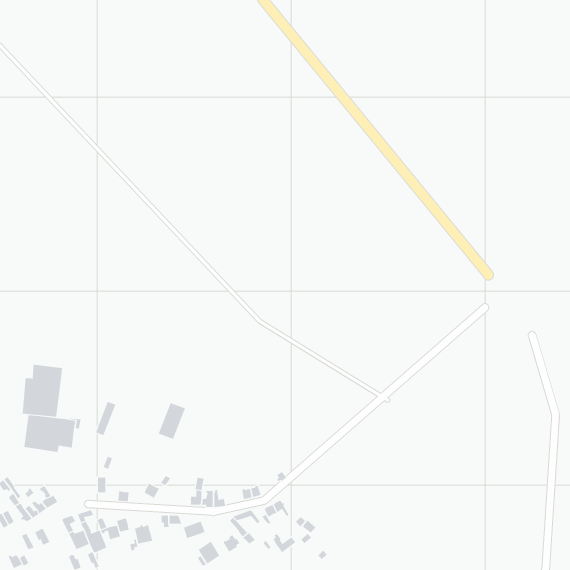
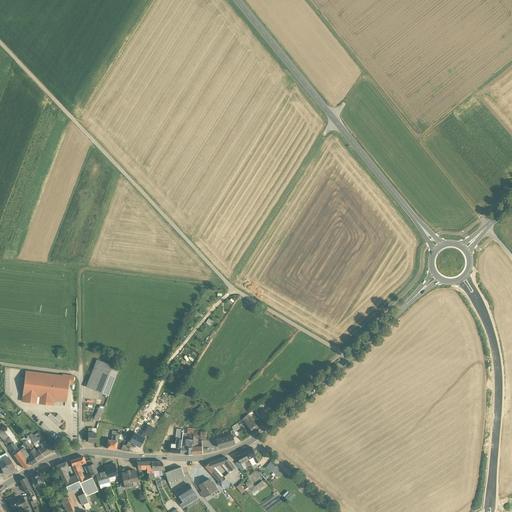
building: [22,364,63,418] -> none
building: [158,402,186,439] -> [93,362,118,395]

